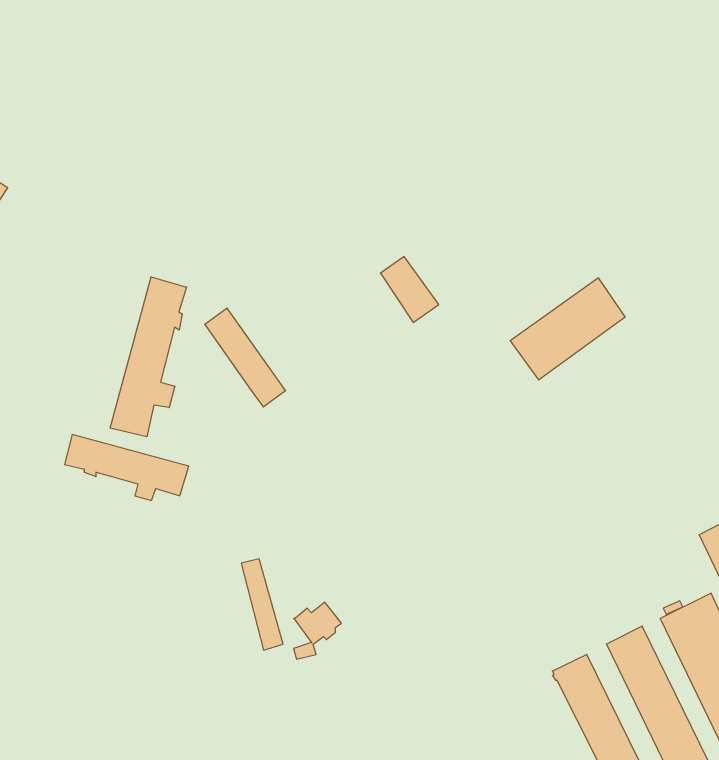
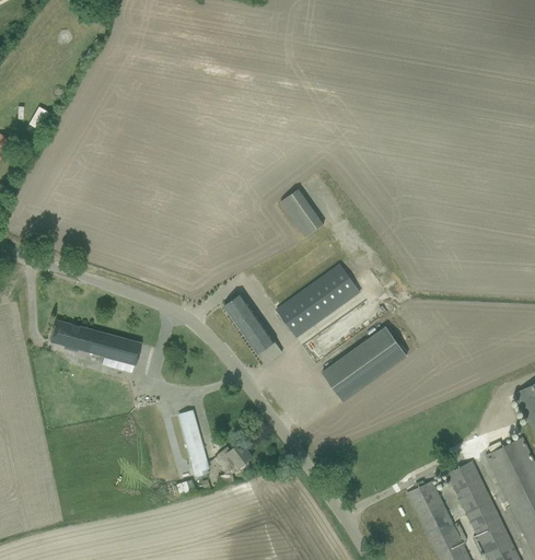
building: [110,277,187,437] -> none
building: [510,278,625,380] -> [276,264,360,338]
building: [205,308,286,407] -> [224,294,283,366]
building: none -> [322,327,407,402]

